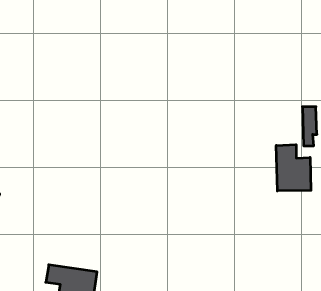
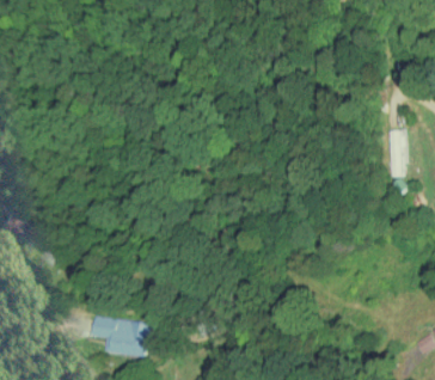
building: [276,145,311,191] -> none

